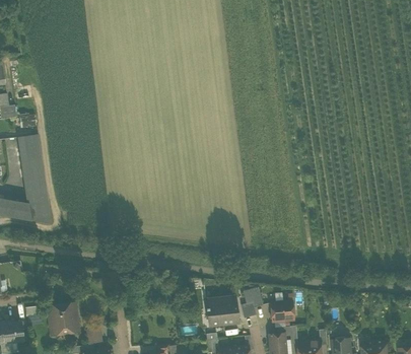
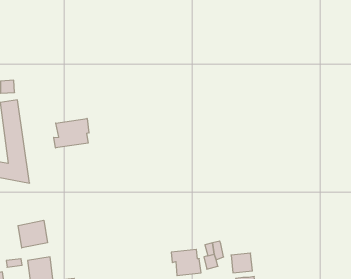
building: none -> [54,118,89,148]
building: none -> [18,220,47,248]

